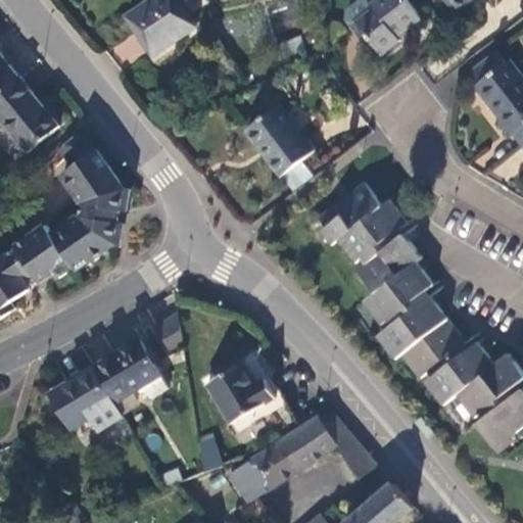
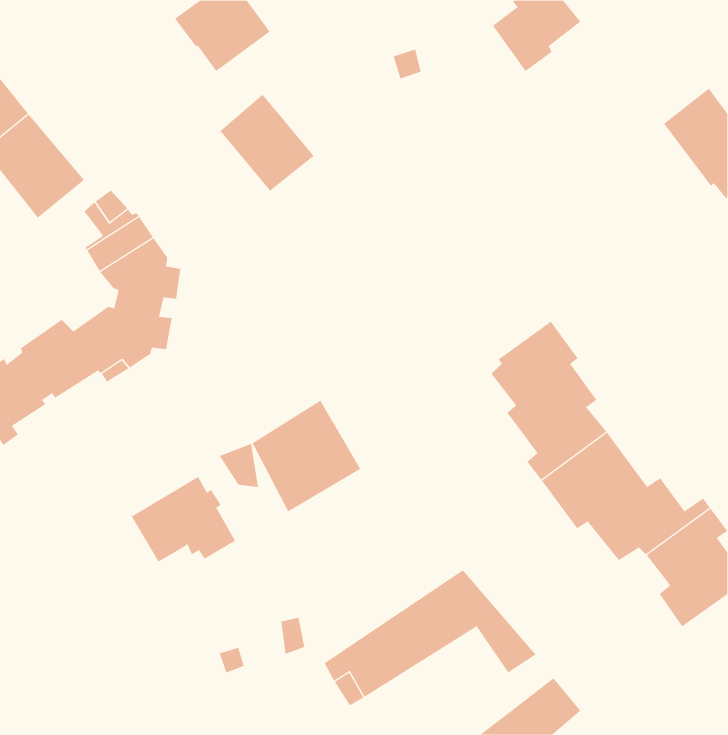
building: [240,99,307,169] -> [220,94,314,192]
building: [308,179,397,255] -> none
building: [208,349,286,429] -> [252,400,361,512]
building: [51,367,121,430] -> none

